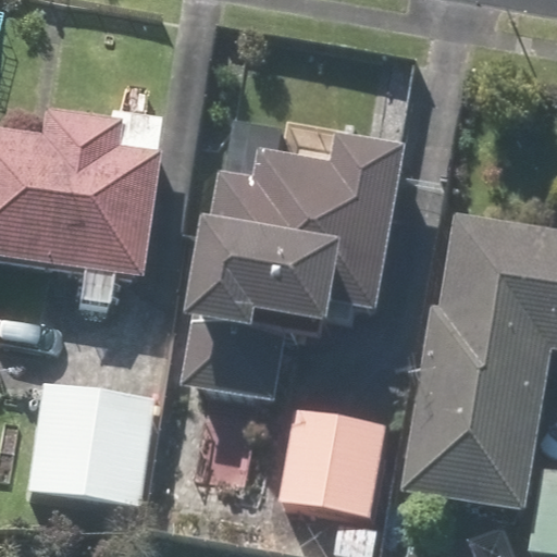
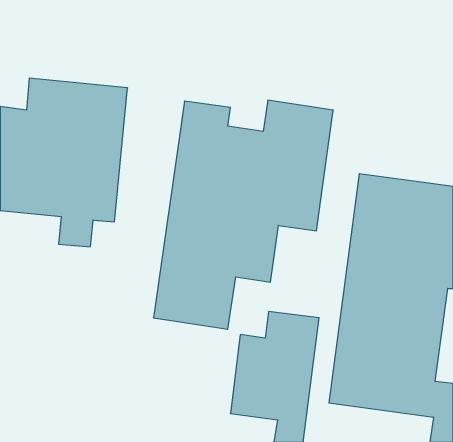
building: [23,385,148,508] -> none

